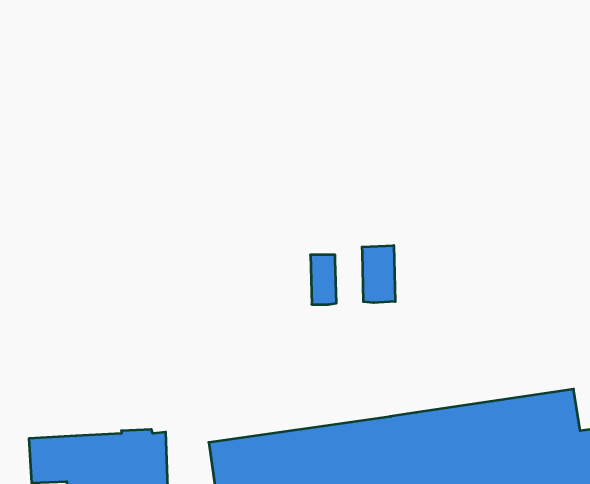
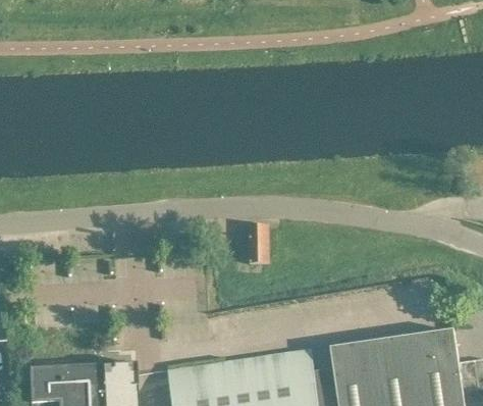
building: [362,245,395,303] -> none

